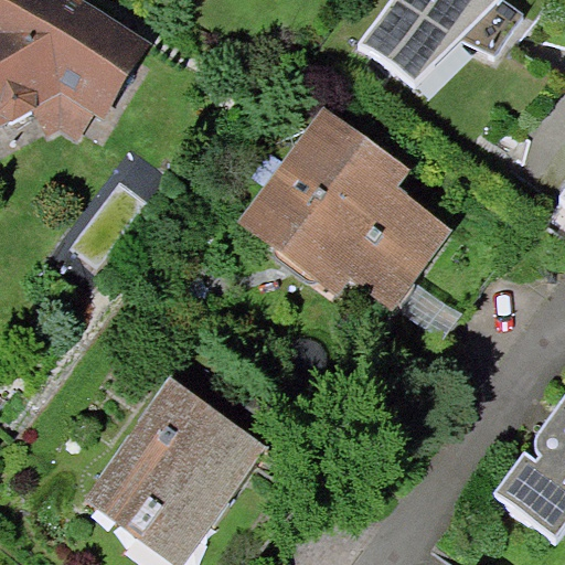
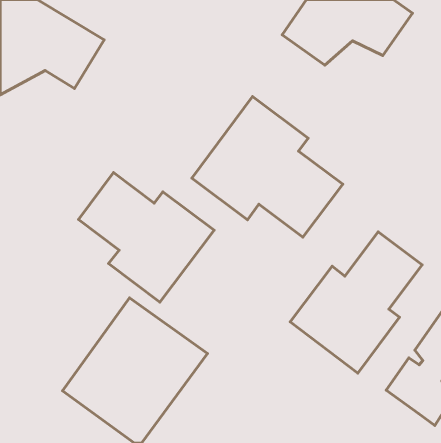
building: none -> [78,172,214,302]
building: none -> [290,232,422,373]

